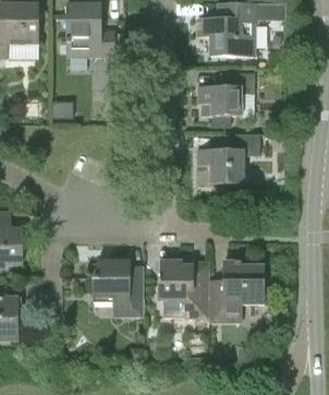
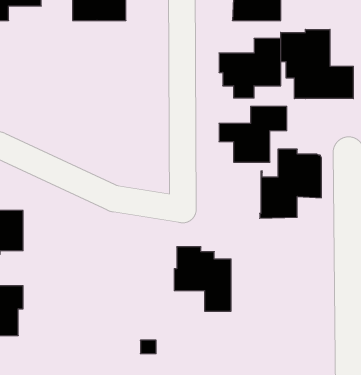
building: none -> [281,29,353,99]
building: [84,260,144,315] -> none
building: [208,260,264,322] -> [260,149,321,218]

